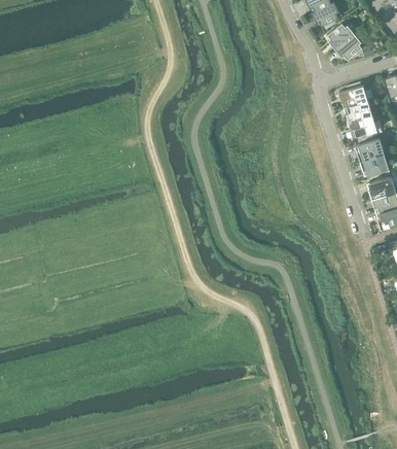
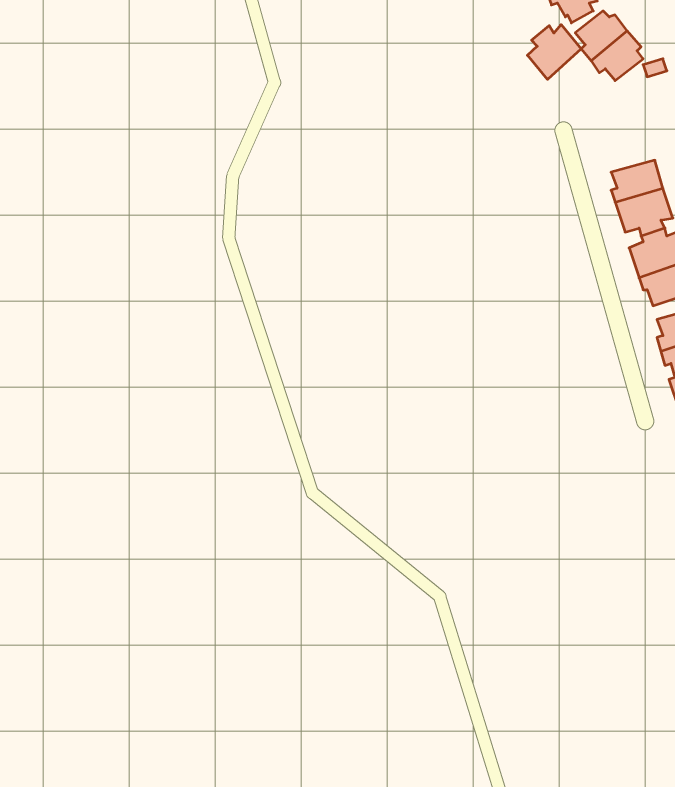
building: none -> [527,25,581,79]
building: [338,84,368,106] -> none

